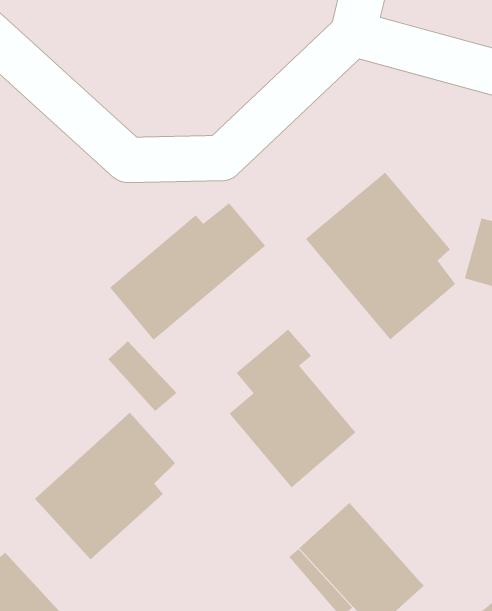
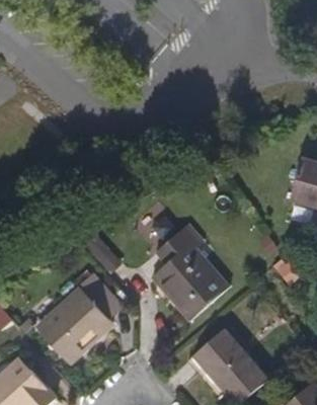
building: [305,171,456,340] -> none
building: [109,202,266,341] -> none

